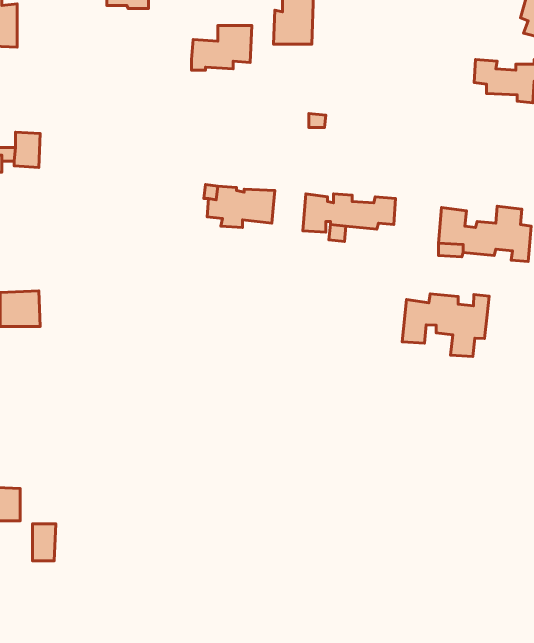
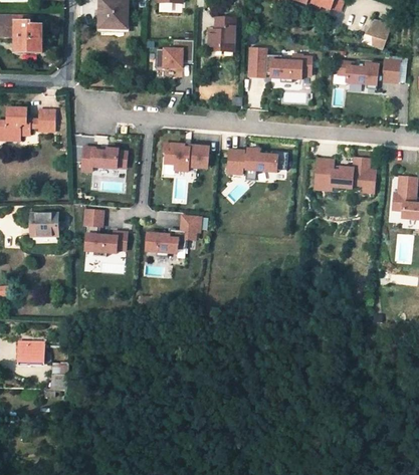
building: none -> [248,45,311,81]
building: none -> [81,147,127,171]
building: none -> [84,209,127,256]
building: none -> [146,212,201,255]
building: [402,294,489,357] -> none

